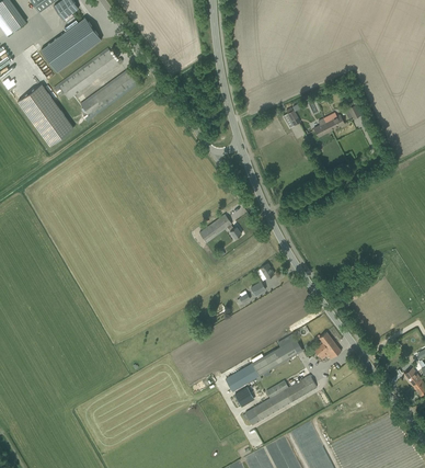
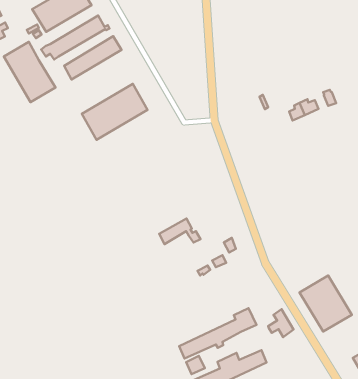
building: none -> [82,84,148,140]
building: [198,214,241,242] -> [159,218,200,244]
building: none -> [299,276,352,332]

